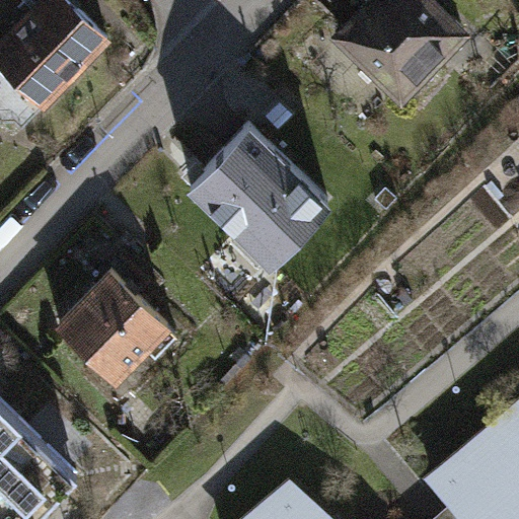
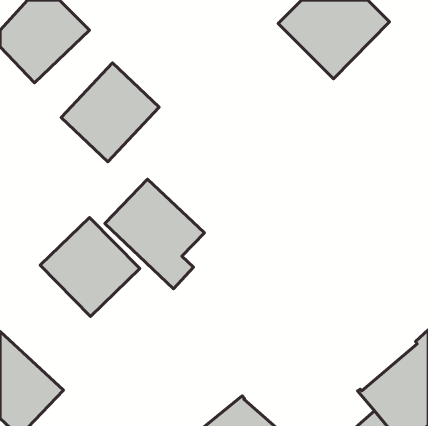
building: none -> [61,63,159,162]
building: [177,142,298,275] -> [105,179,204,289]

